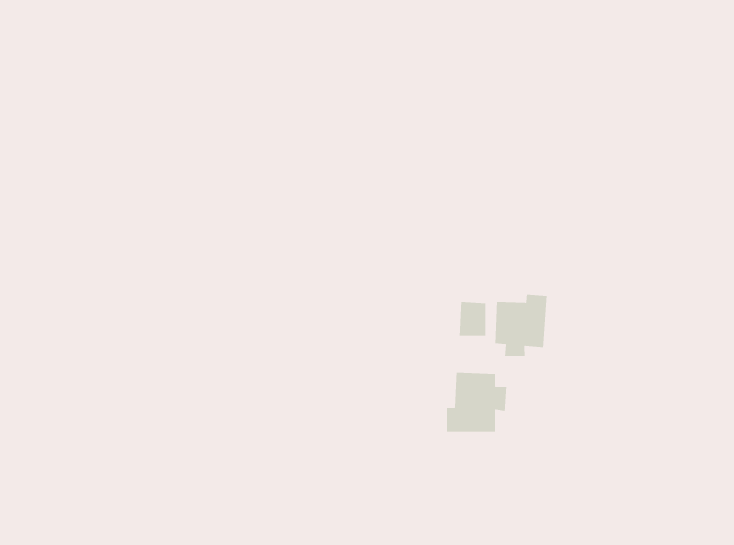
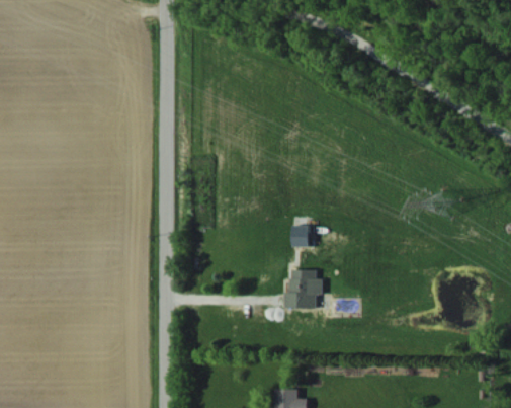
building: [494,294,547,357] -> none

